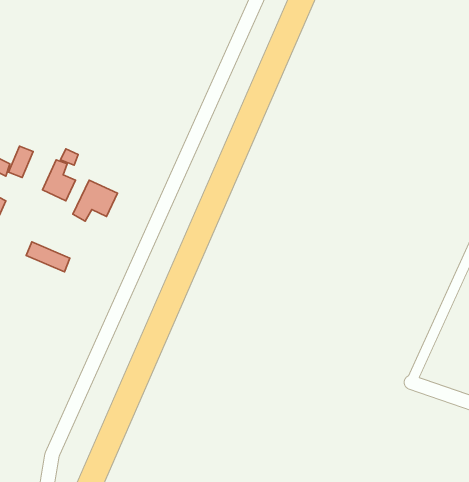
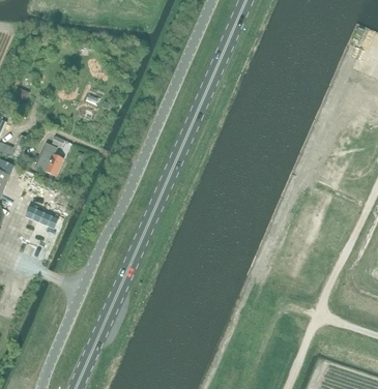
building: [73,180,117,221] -> none

